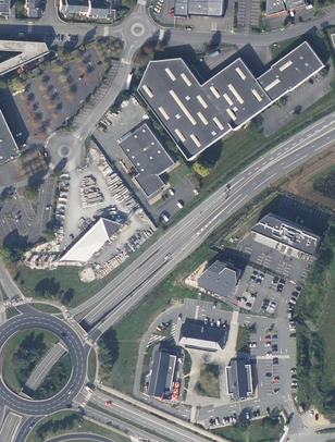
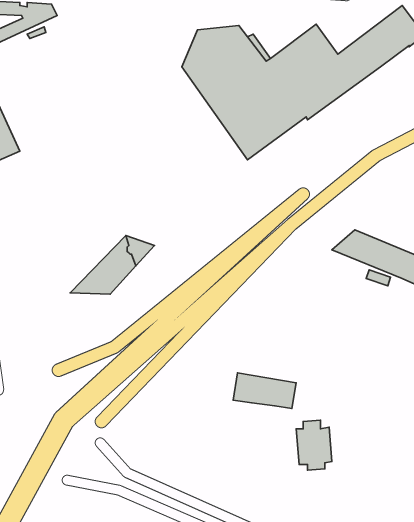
building: [120,123,176,196] -> none
building: [199,259,245,296] -> none
building: [150,351,178,398] -> none

